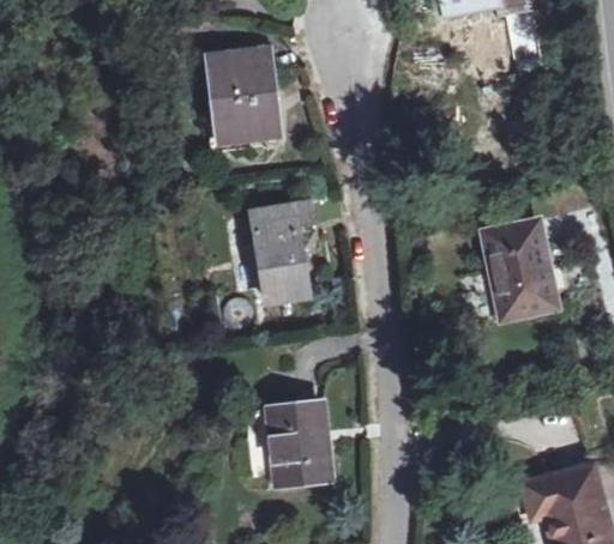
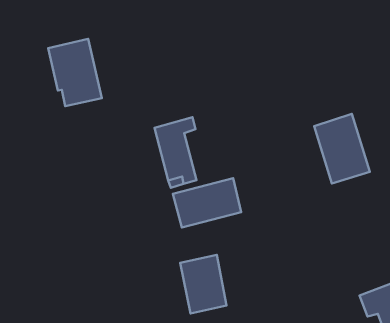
building: [210,53,279,146] -> [48,39,102,106]
building: none -> [173,178,241,228]

